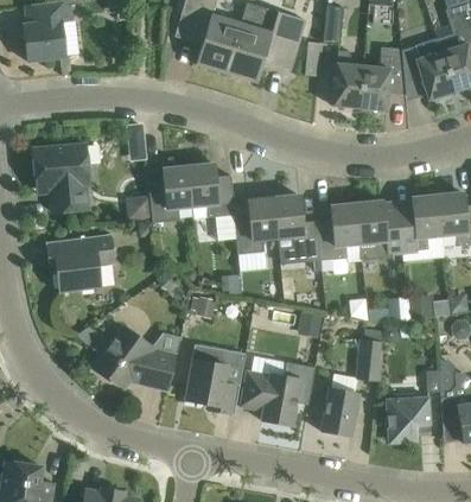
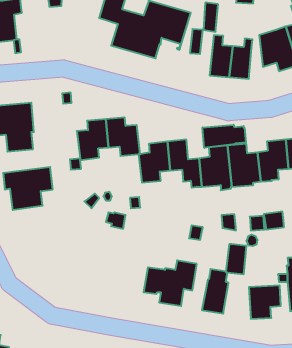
building: none -> [203,125,246,148]
building: [75,325,182,389] -> none
building: [185,343,246,414] -> none

